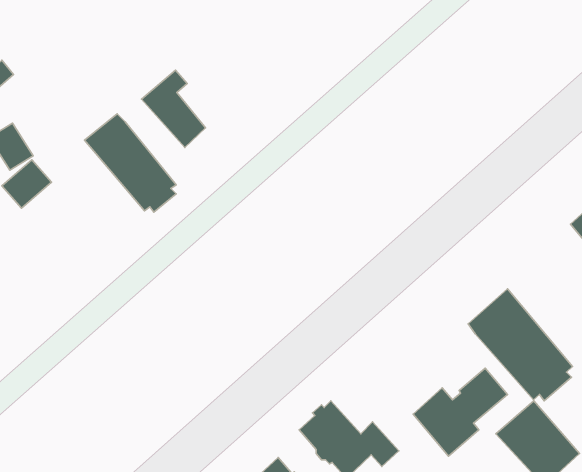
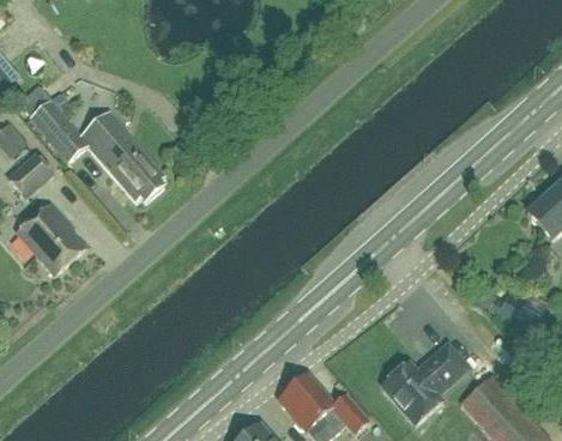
building: [141,70,206,148] -> [29,90,87,161]
building: none -> [16,203,83,273]
building: [468,289,572,401] -> none

